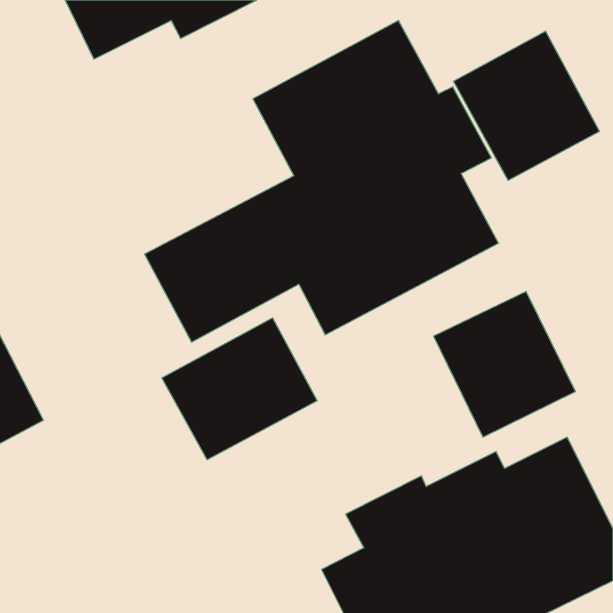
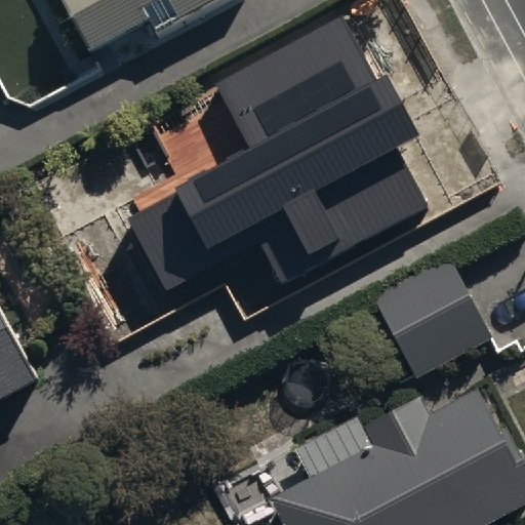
building: [454,31,599,180] -> none
building: [162,318,317,460] -> none

